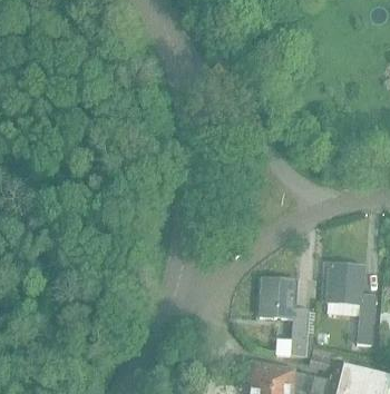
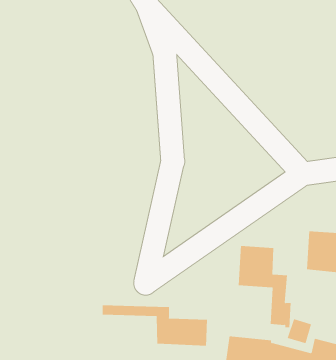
building: none -> [102,305,208,346]

